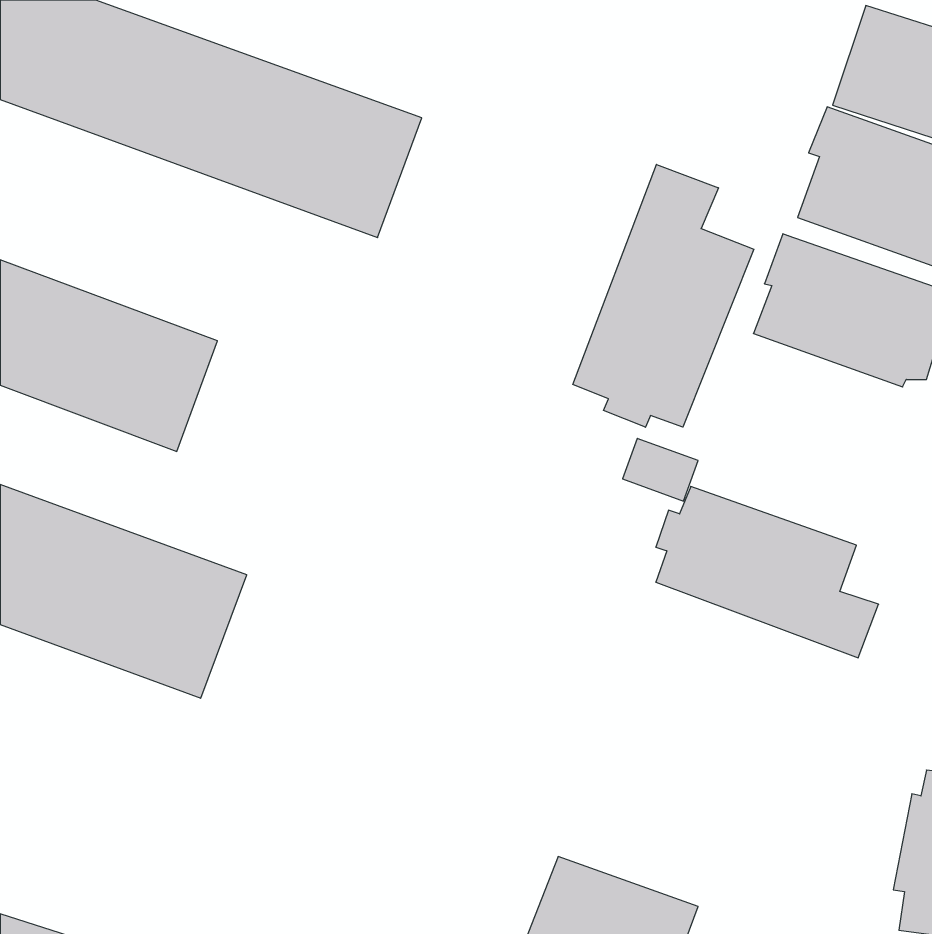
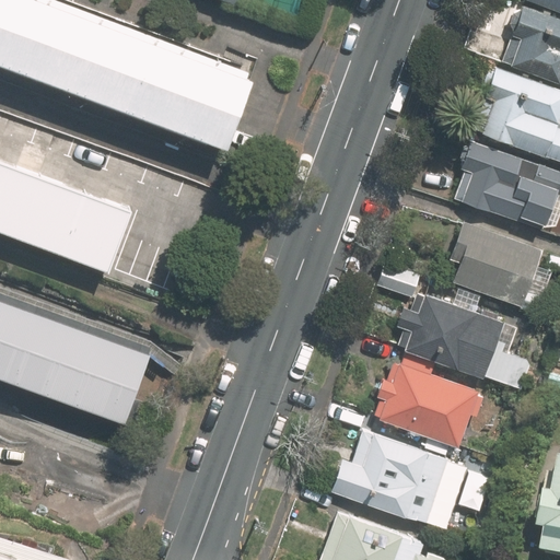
building: [573,164,754,427] -> none
building: none -> [447,222,552,322]
building: none -> [373,362,476,448]
building: none -> [330,433,464,530]

